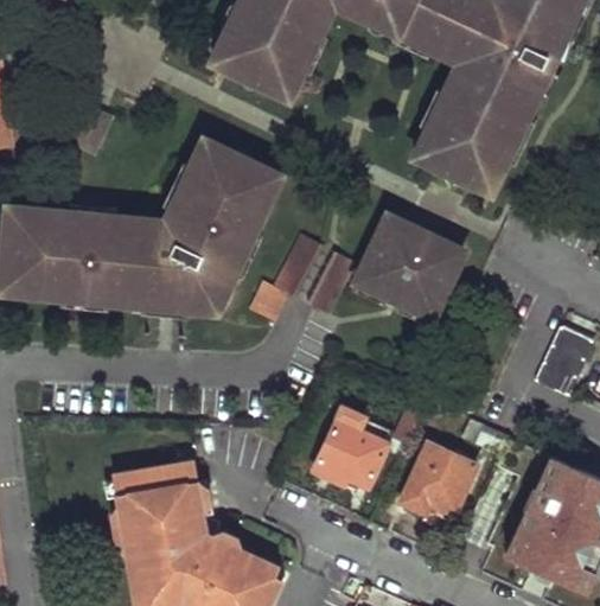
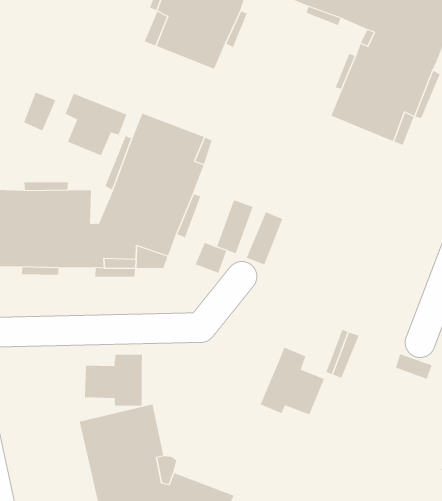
building: none -> [65,93,127,156]
building: [350,215,462,326] -> none
building: none -> [85,354,142,406]
building: [397,441,478,511] -> none

